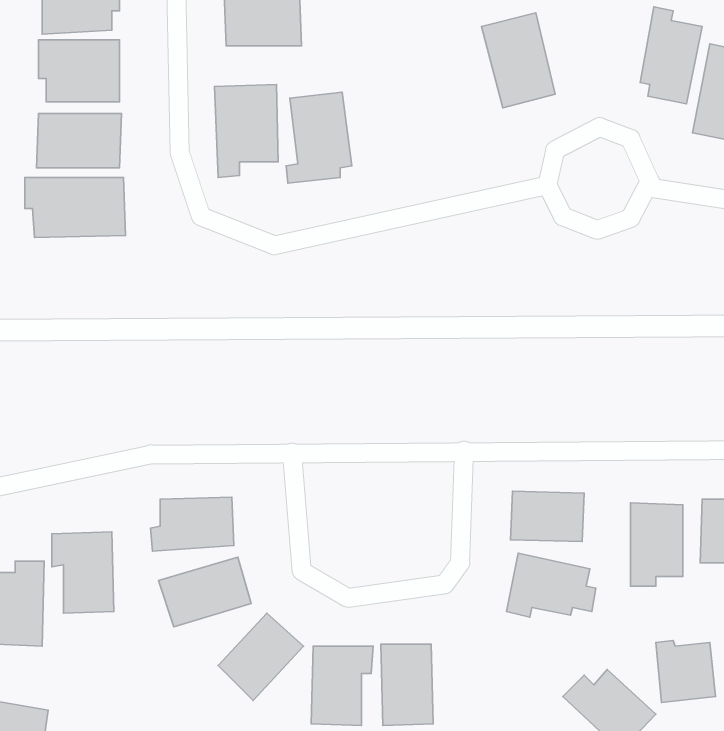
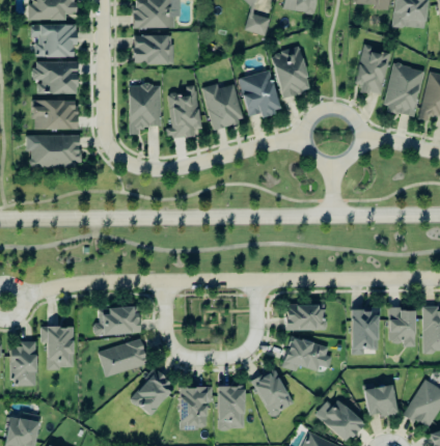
building: none -> [239,71,281,117]
building: none -> [202,84,244,130]
building: none -> [251,367,294,416]

